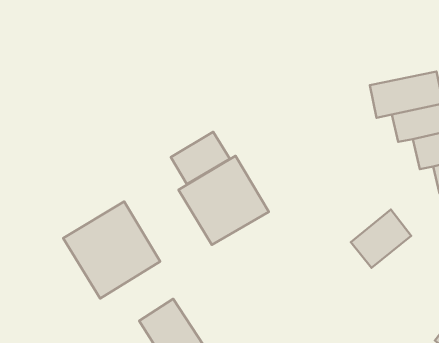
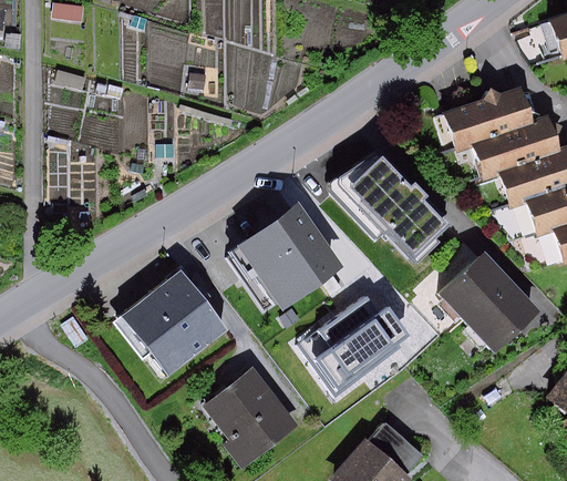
building: none -> [343,154,447,249]
building: [171,132,230,184] -> none
building: none -> [470,280,542,350]
building: none -> [301,297,411,393]

